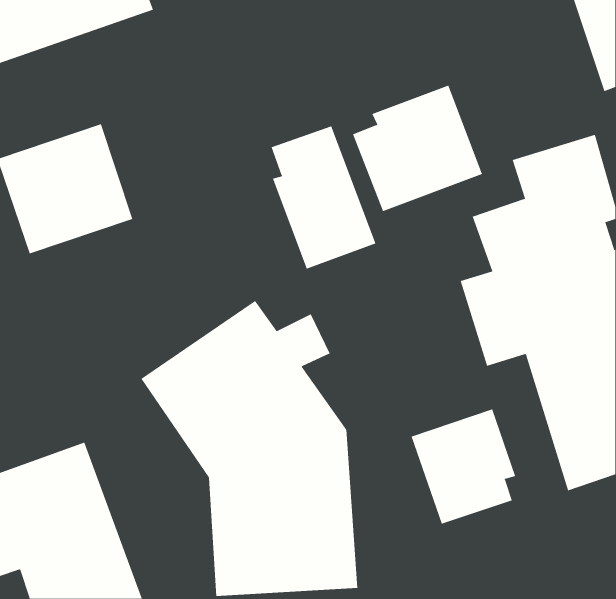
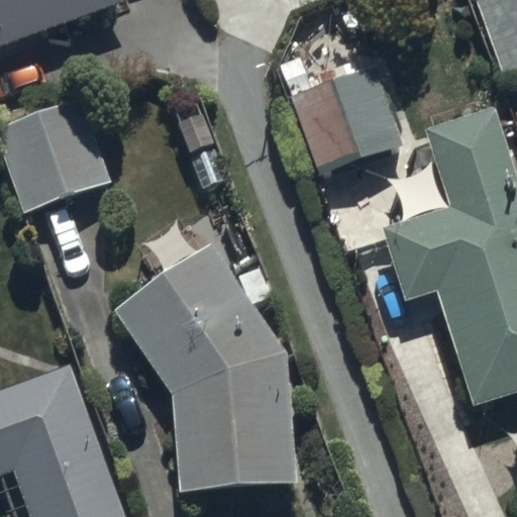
building: [271,125,376,269] -> none
building: [411,408,516,524] -> none

